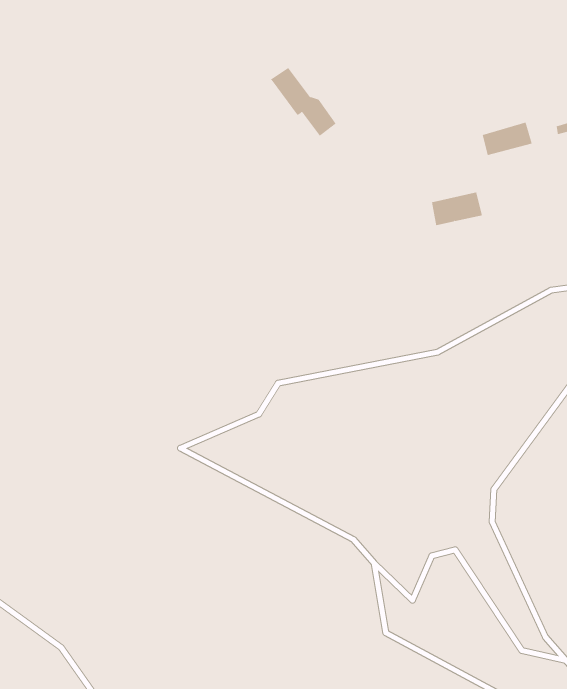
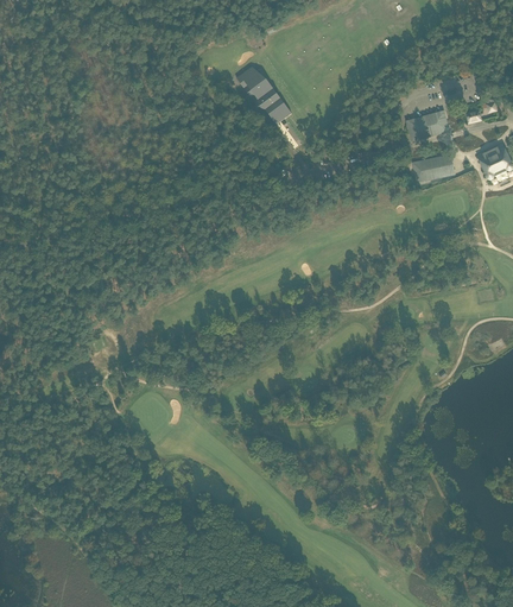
building: [431,192,483,226] -> [413,153,455,181]

